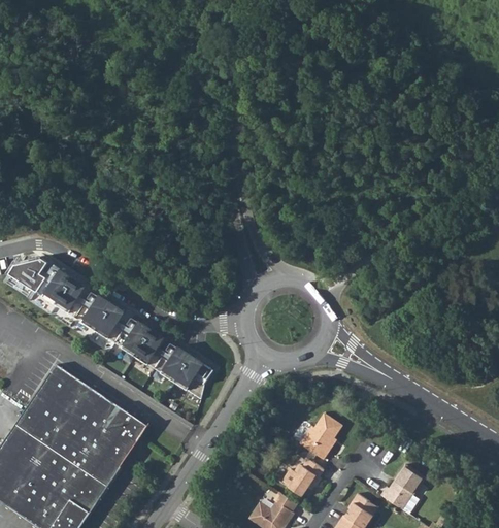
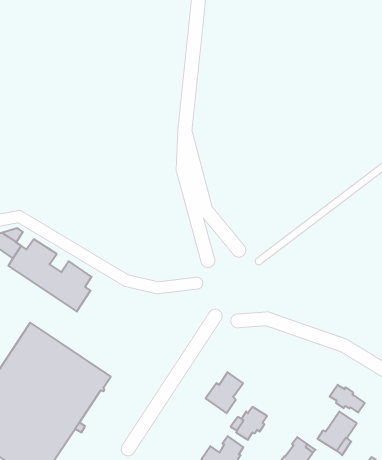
building: [108,322,212,399] -> none
building: [299,414,341,460] -> [206,372,243,413]
building: none -> [330,385,365,413]

